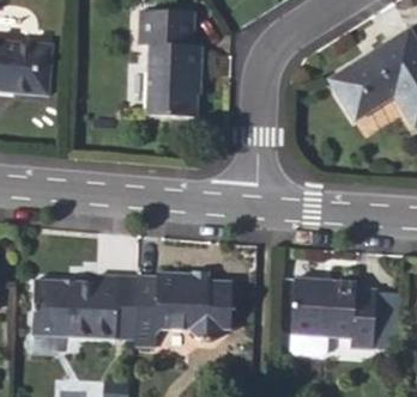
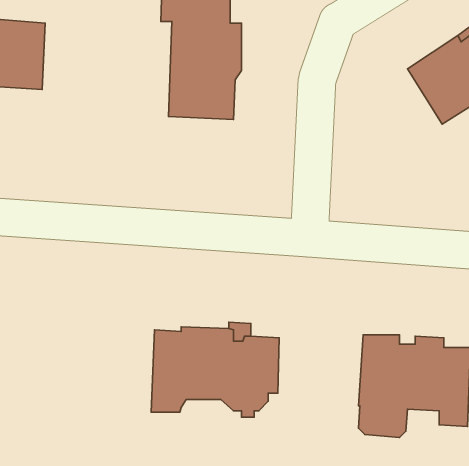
building: [32,277,117,338] -> none

